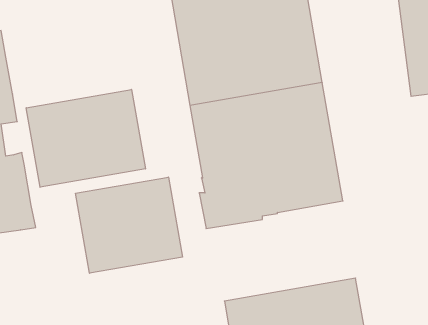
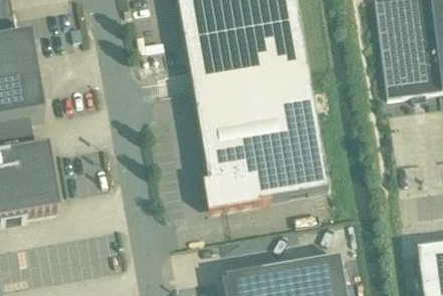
building: [26,89,145,187] -> none
building: [76,177,182,273] -> none

